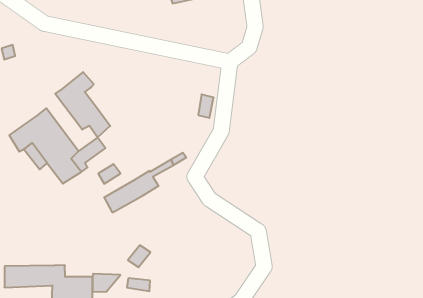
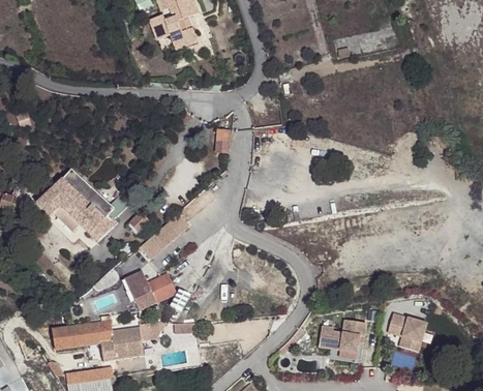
building: [55,72,110,137] -> none
building: none -> [125,270,177,309]

